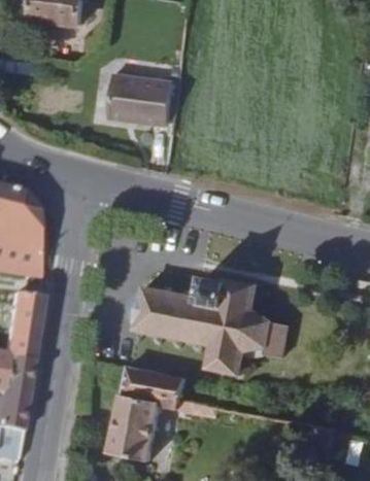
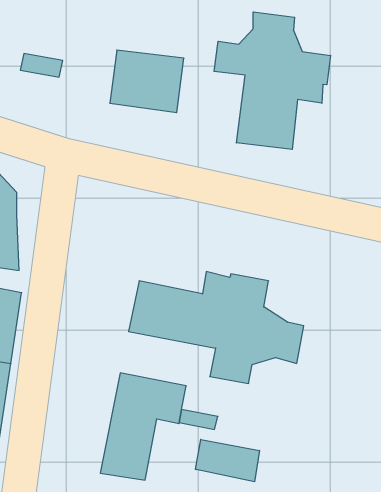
building: none -> [214,12,331,149]
building: none -> [195,439,259,482]

